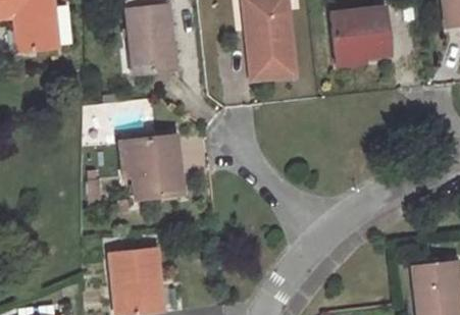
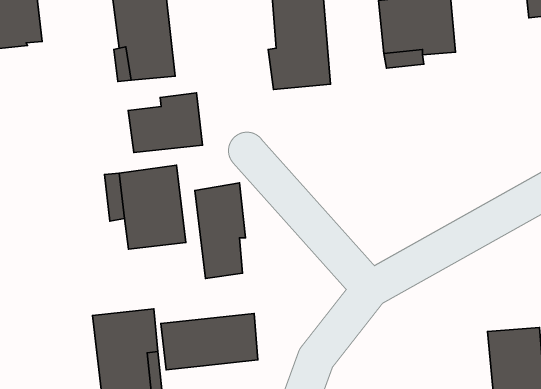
building: none -> [128,93,202,152]
building: none -> [195,183,245,279]
building: none -> [161,313,258,370]

